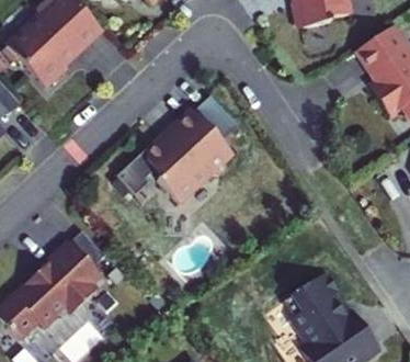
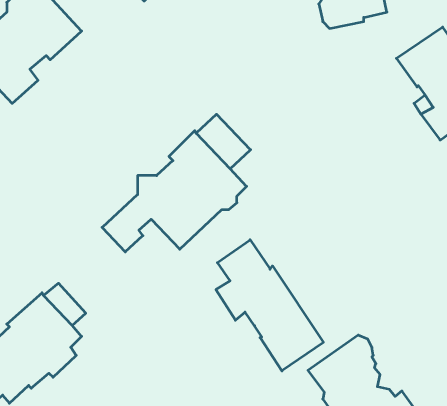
building: none -> [216,240,323,371]

